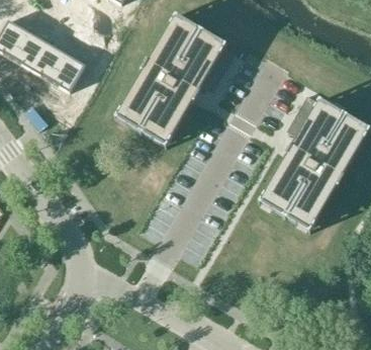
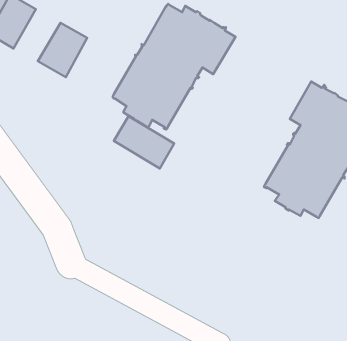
building: [23,28,68,78] -> none
building: none -> [114,116,174,168]

